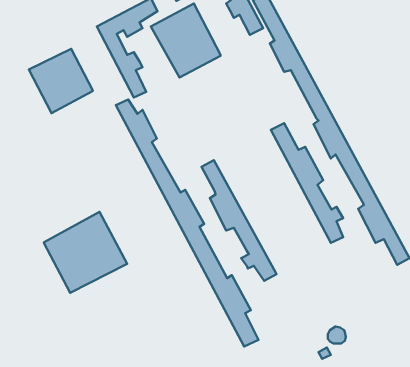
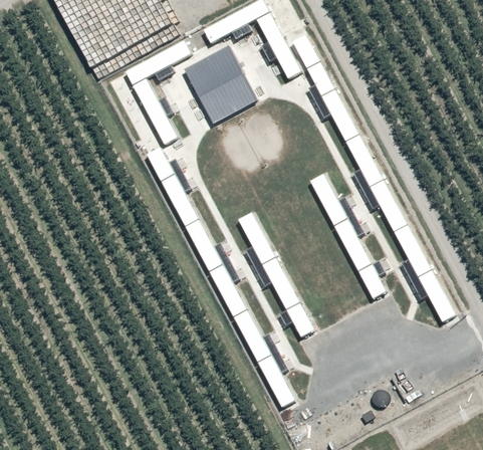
building: [29,49,93,113] -> none
building: [44,212,127,293] -> none

